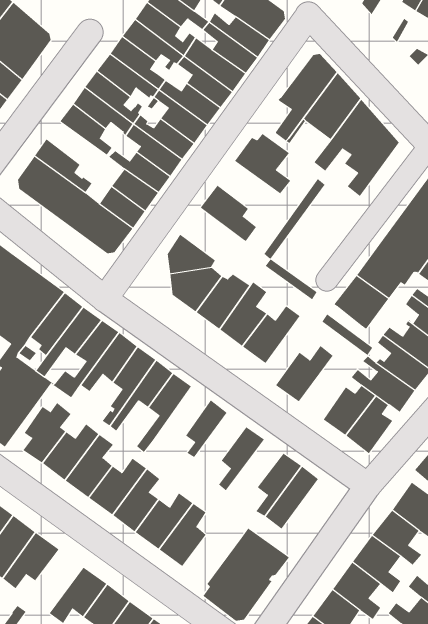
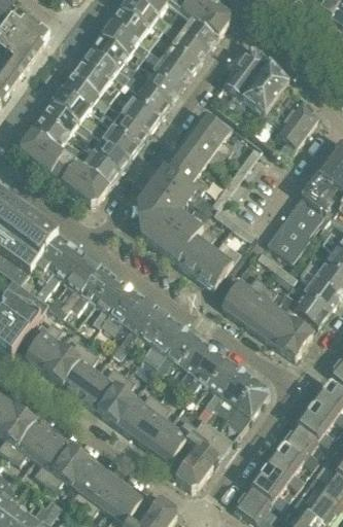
building: none -> [42,101,91,138]
building: none -> [175,132,225,169]
building: none -> [146,168,195,209]
building: none -> [239,283,276,332]
building: none -> [126,307,170,353]
building: none -> [155,327,198,373]
building: none -> [182,348,227,393]
building: none -> [225,379,268,430]
building: none -> [148,416,194,460]
building: none -> [34,433,71,483]

